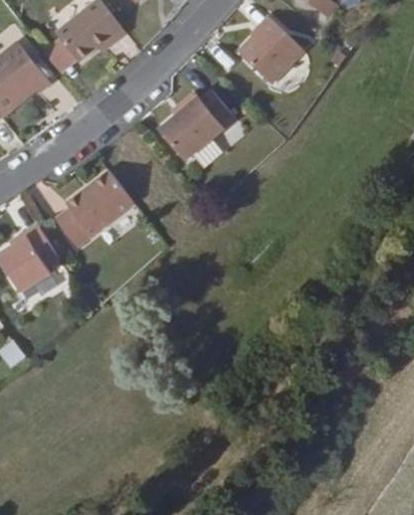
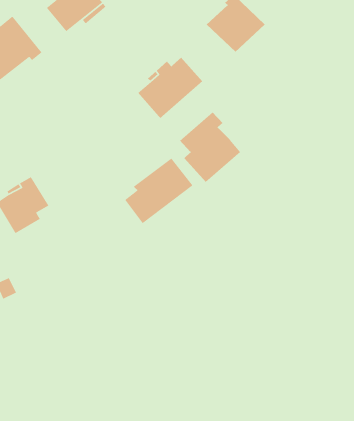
building: none -> [179,112,241,183]
building: [55,171,135,247] -> [124,158,193,224]

